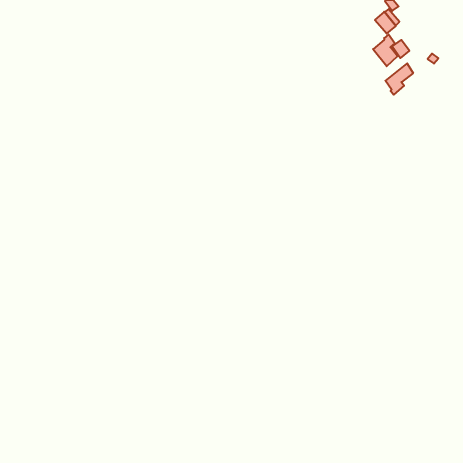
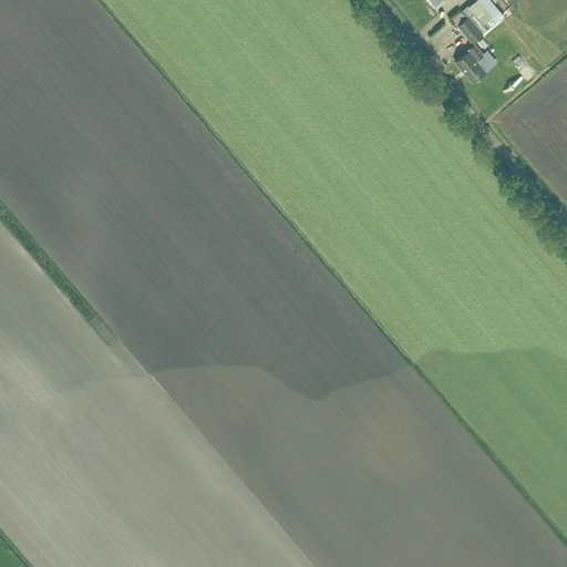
building: [385,63,413,95] -> none

